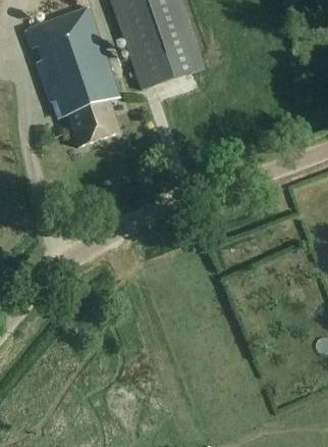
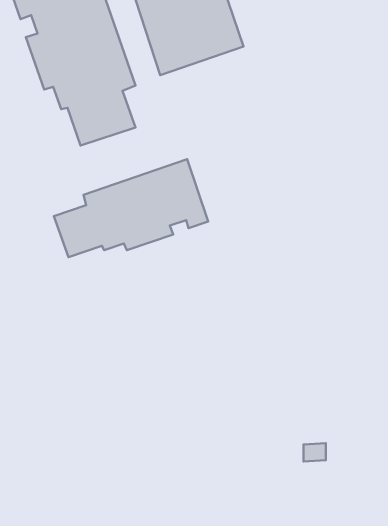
building: none -> [54,159,208,257]

